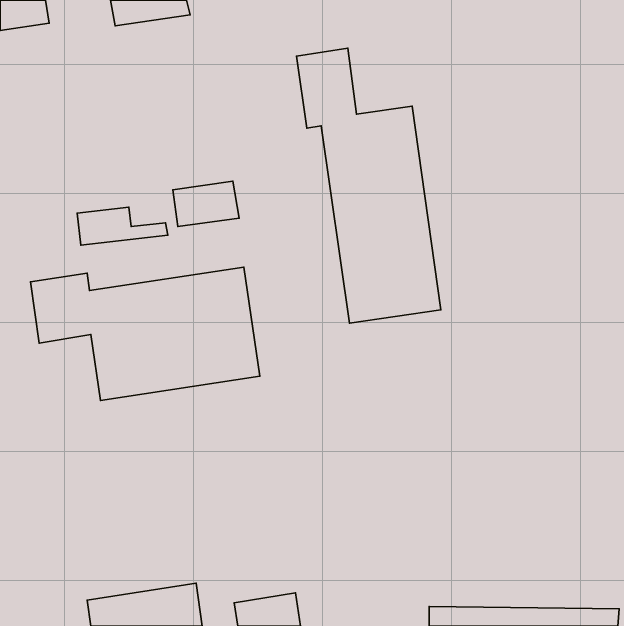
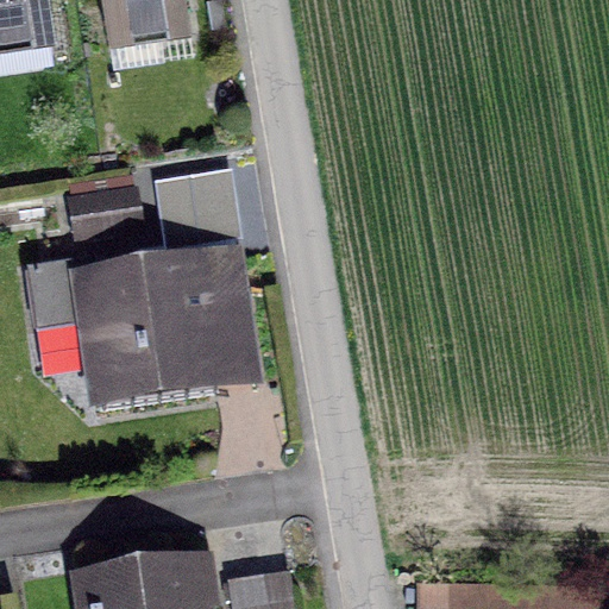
building: [297,48,441,323] -> none

